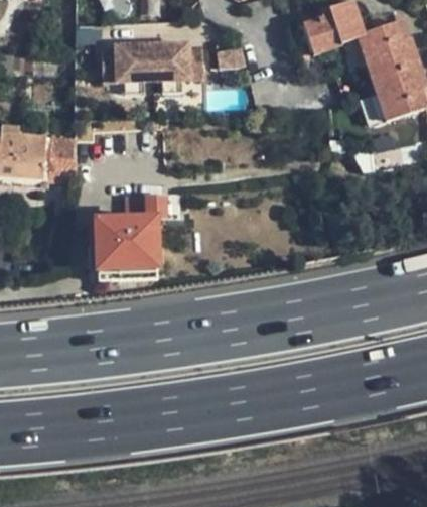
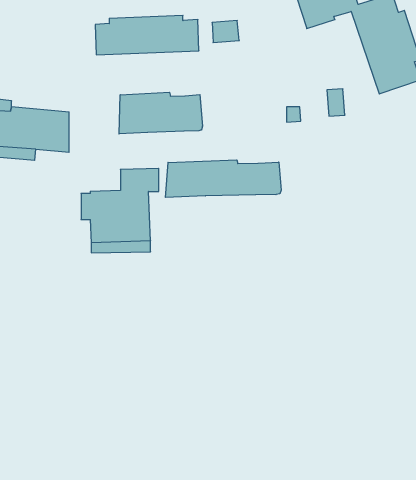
building: none -> [119,92,202,134]
building: none -> [165,160,281,197]

